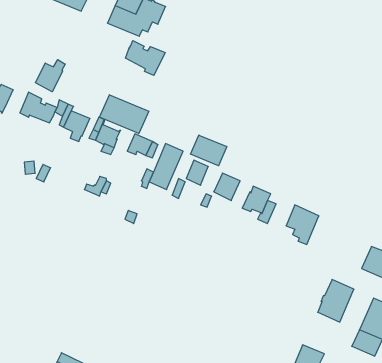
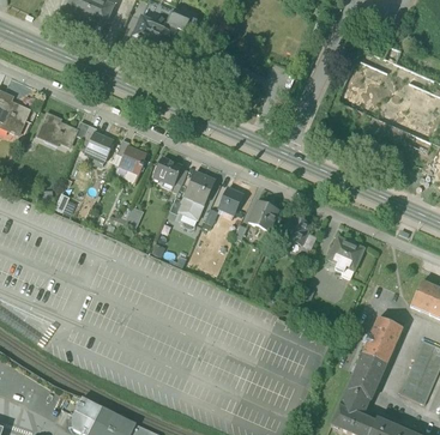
building: [126,41,165,75] -> none
building: [36,60,65,92] -> none
building: [100,95,149,134] -> none
building: [191,135,227,166] -> none
building: none -> [348,354,387,400]

